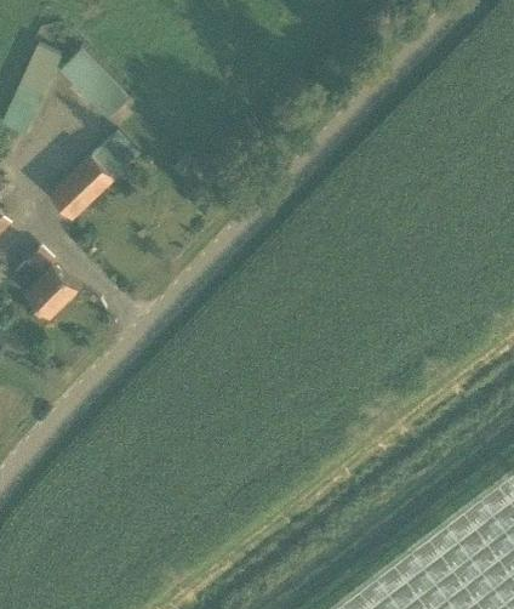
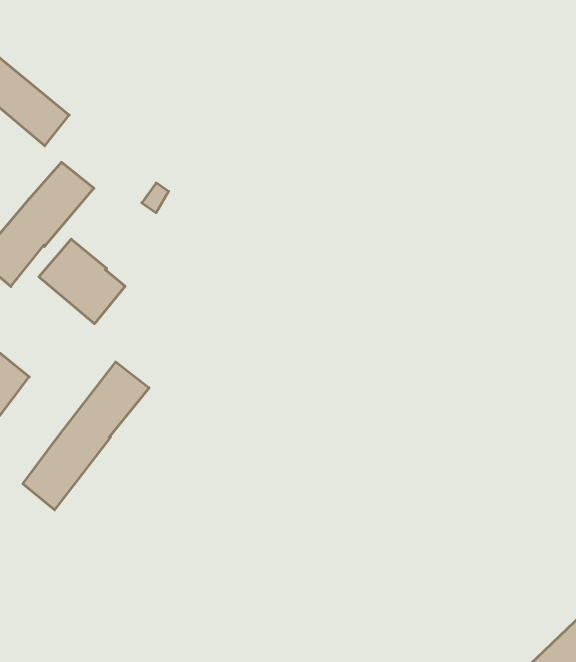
building: none -> [39,239,125,324]
building: none -> [23,362,149,510]

